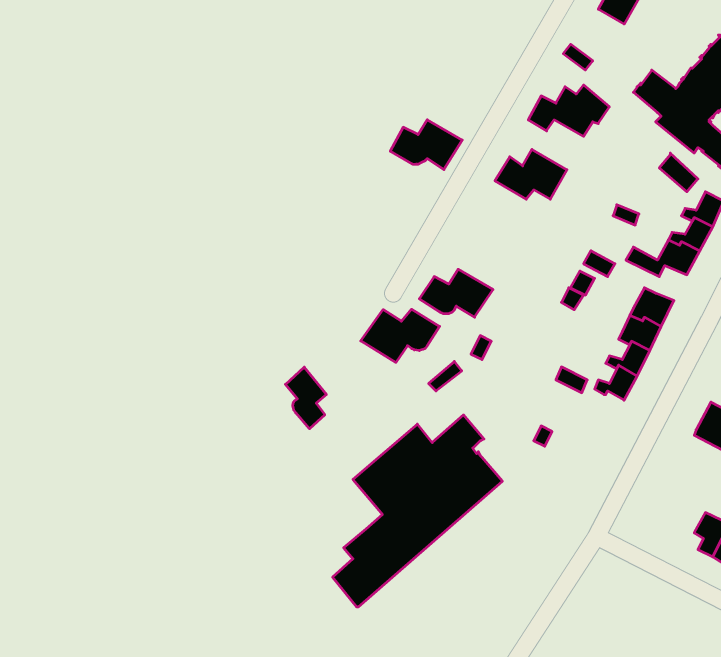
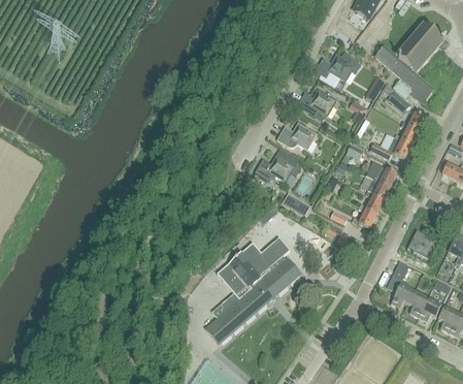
building: [390,120,462,170] -> [276,122,317,150]
building: [361,309,440,362] -> none
building: [285,367,326,429] -> none
building: none -> [387,275,414,307]

